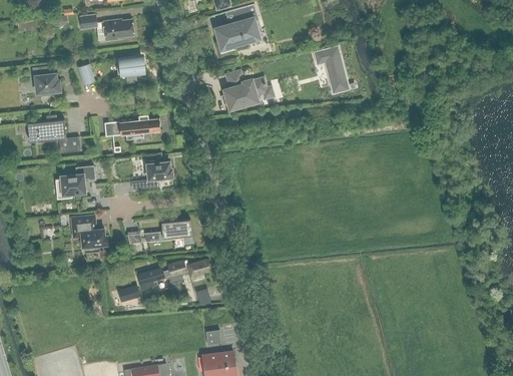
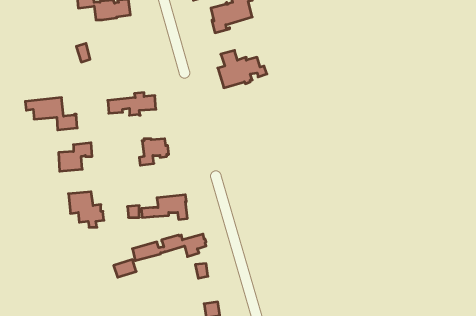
building: [314,46,348,93] -> none
building: [115,56,142,81] -> none
building: [31,66,61,96] -> none

